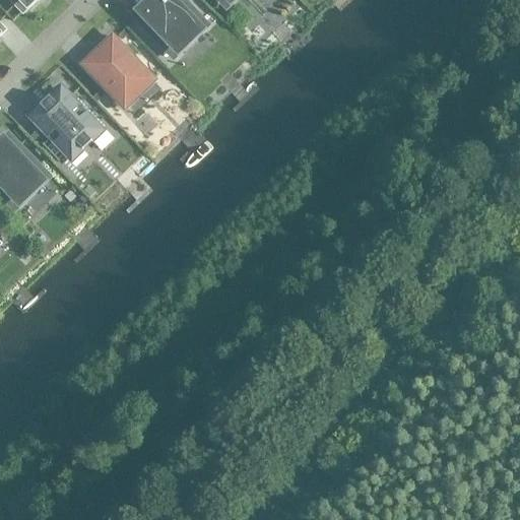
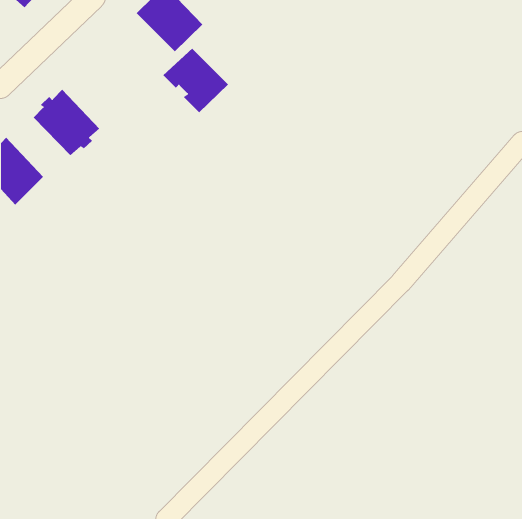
building: [82,36,148,101] -> [163,48,229,113]

